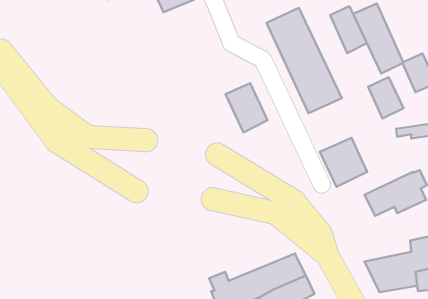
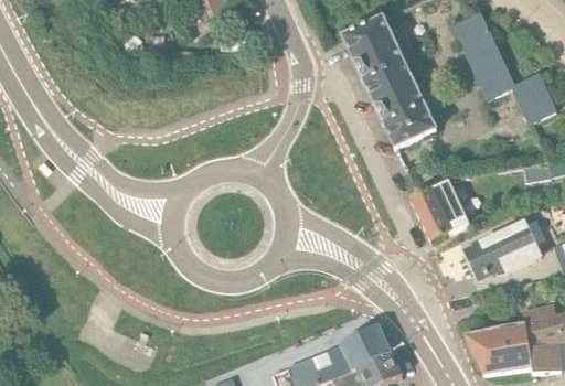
building: [330,7,367,53] -> none
building: [368,77,403,119] -> none
building: [226,83,268,132] -> none

